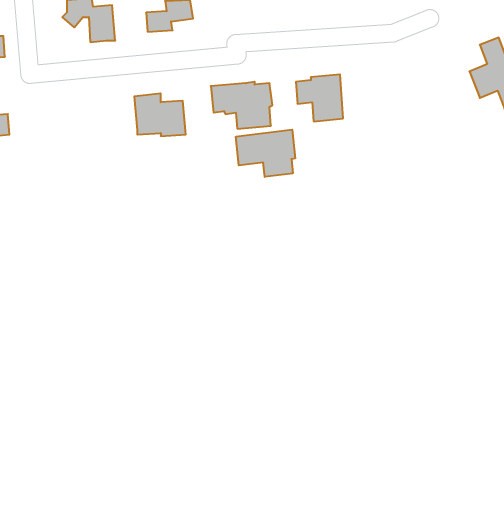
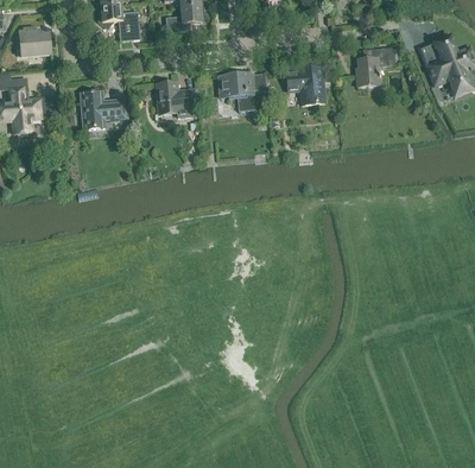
building: none -> [356,46,395,87]
building: none -> [81,91,129,128]
building: [236,130,295,177] -> none

